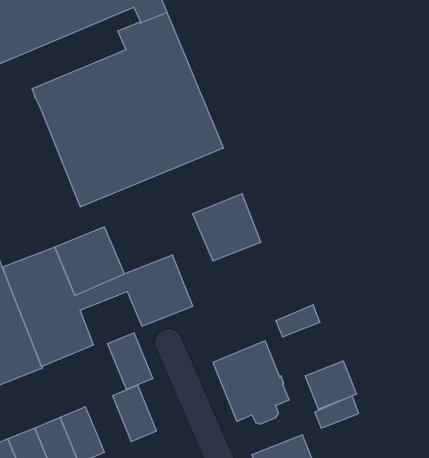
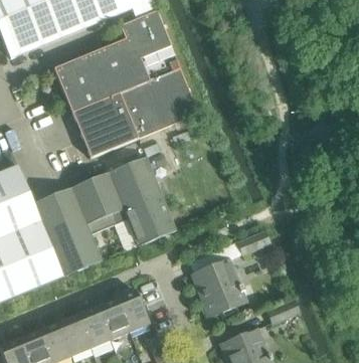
building: [193,194,261,261] -> [110,157,161,207]
building: [107,333,153,389] -> [96,299,130,341]
building: [305,361,357,409] -> none

